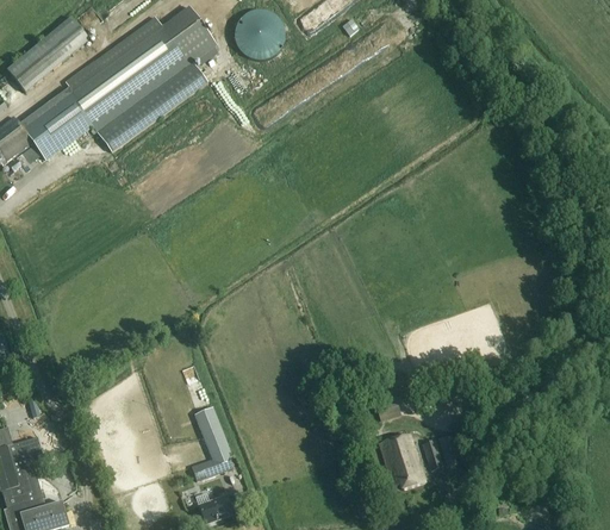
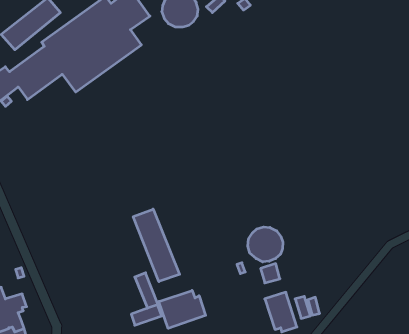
building: none -> [133,209,180,282]
building: none -> [248,227,283,262]
building: none -> [159,290,206,328]

